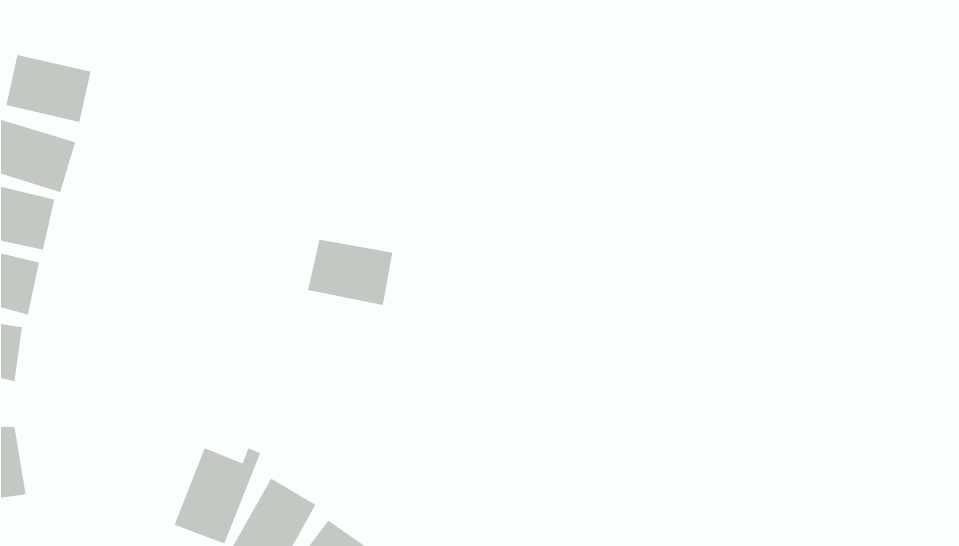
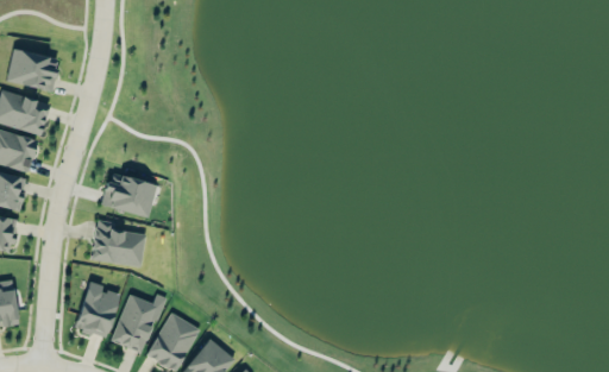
building: [307,239,393,306] -> [101,175,155,216]
building: none -> [90,220,145,267]
building: none -> [75,282,118,338]

